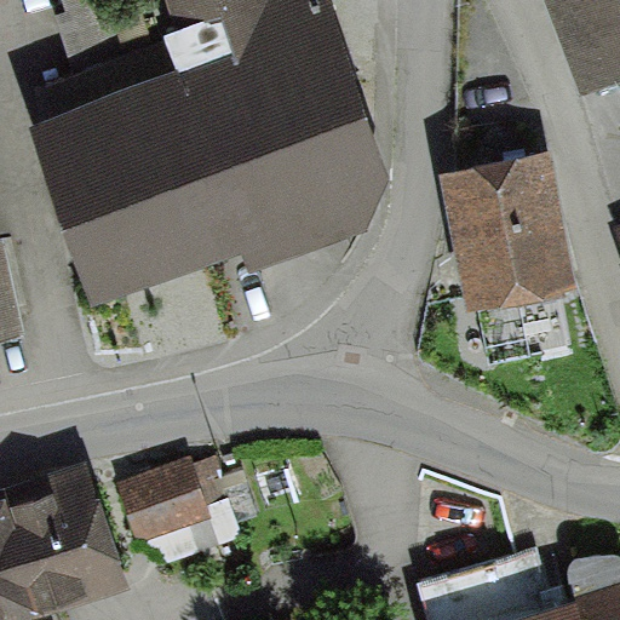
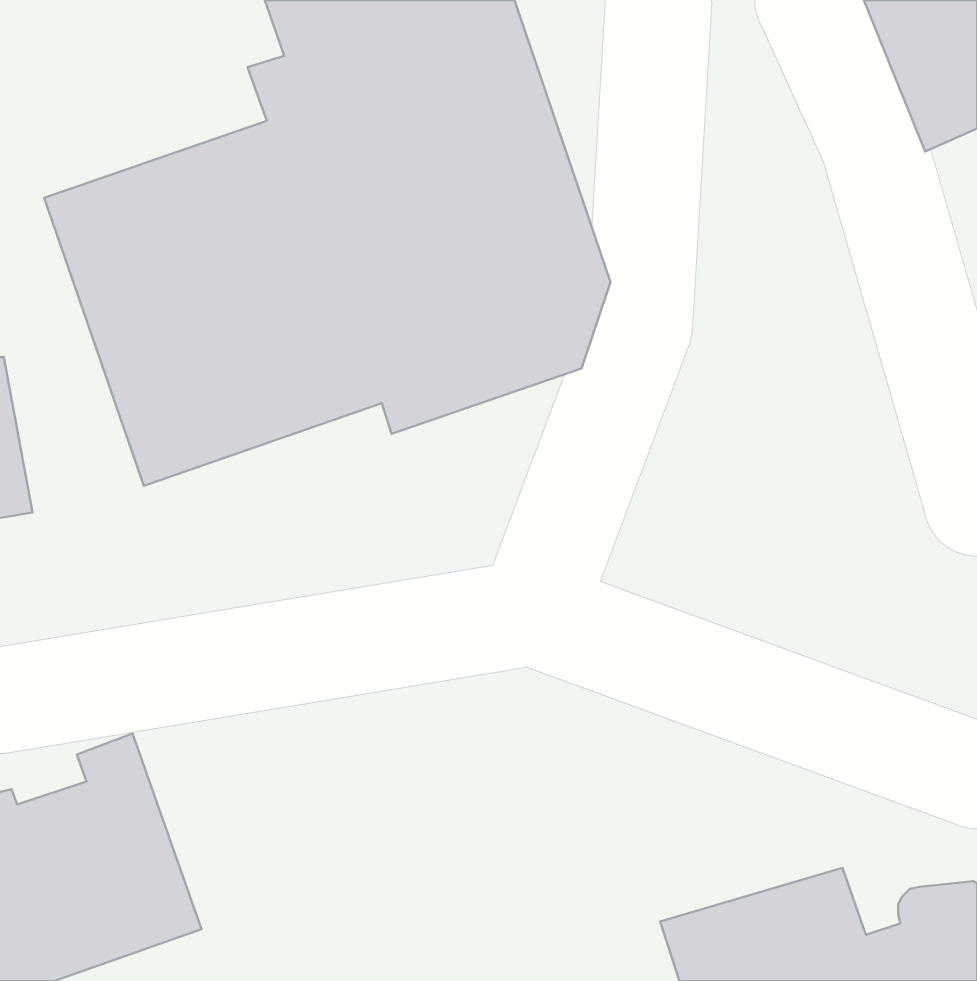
building: [440,154,578,312] -> none
building: [115,455,257,569] -> none

